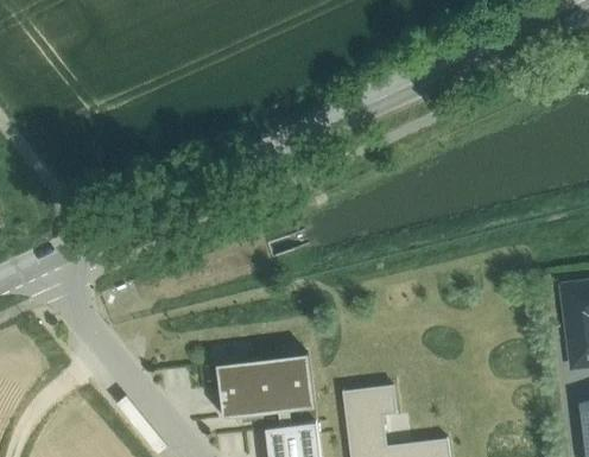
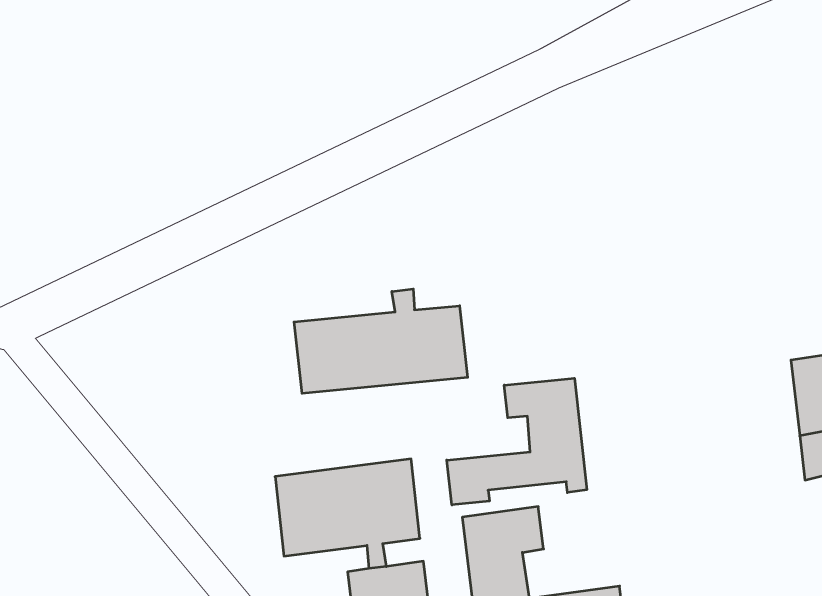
building: none -> [294,289,468,393]
building: none -> [447,378,587,505]

